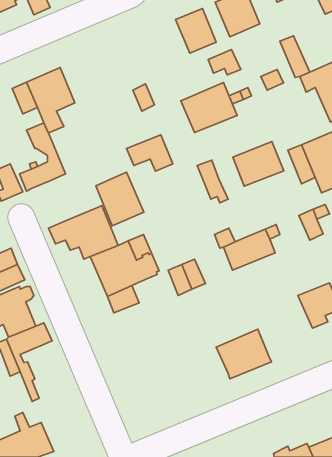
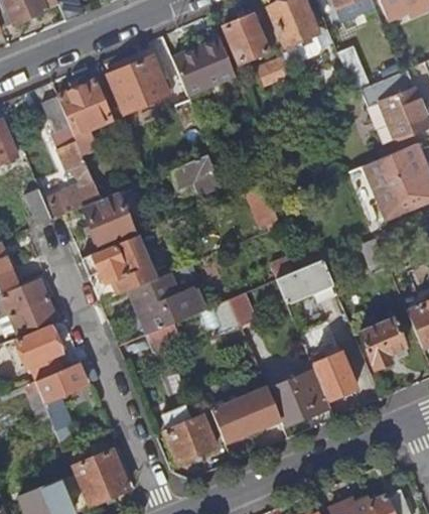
building: none -> [107,55,169,114]
building: [181,83,237,133] -> [173,37,236,93]
building: [233,141,284,186] -> none
building: [96,172,144,226] -> [84,190,137,250]
building: none -> [308,347,358,400]
building: none -> [212,387,282,442]
building: none -> [165,414,218,463]
building: none -> [75,449,129,505]

